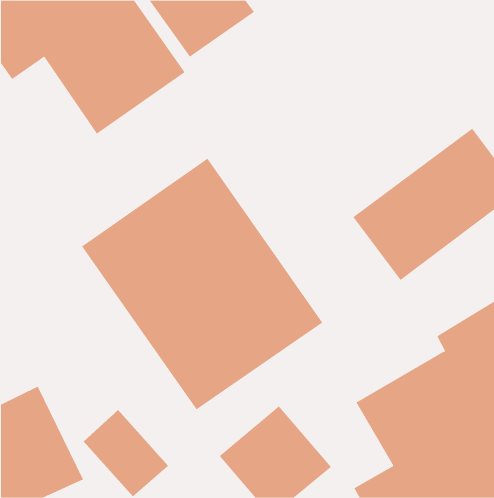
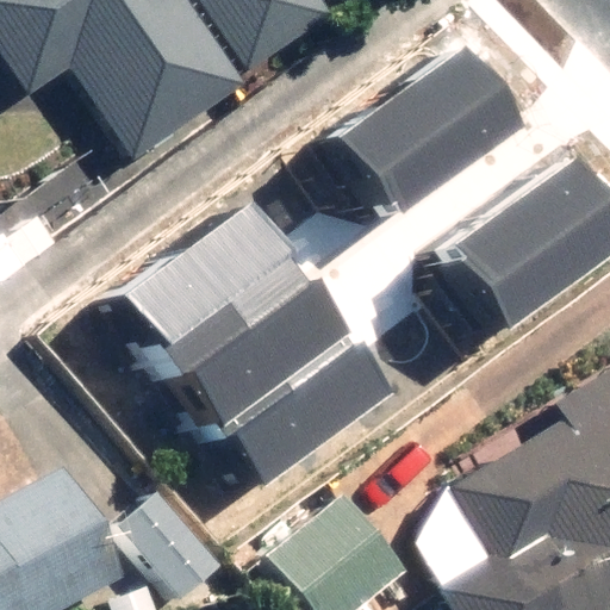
building: none -> [318,43,525,224]

